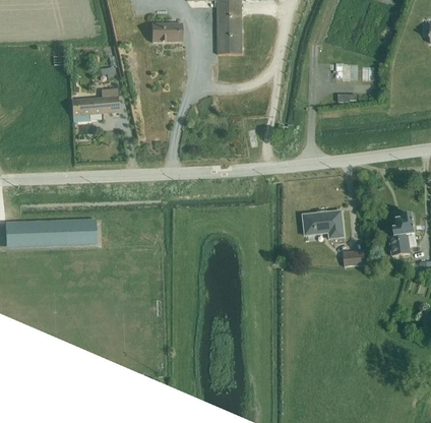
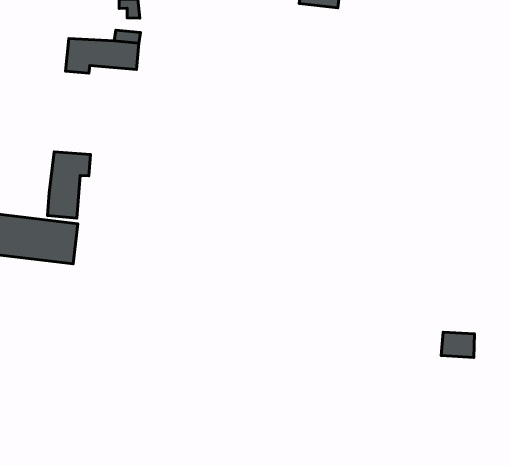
building: none -> [47,152,90,218]
building: [302,209,344,238] -> none

